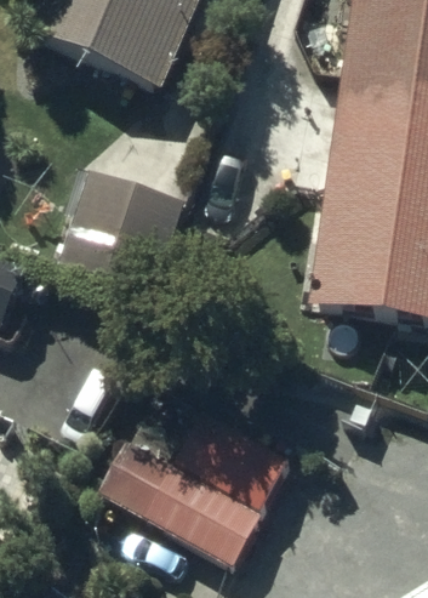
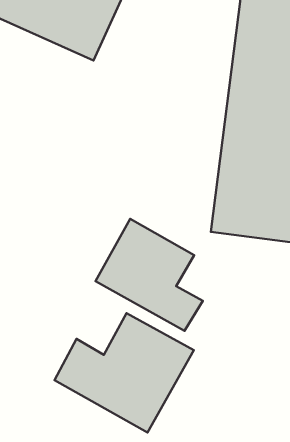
building: [57,171,182,295] -> none
building: none -> [95,219,203,331]

